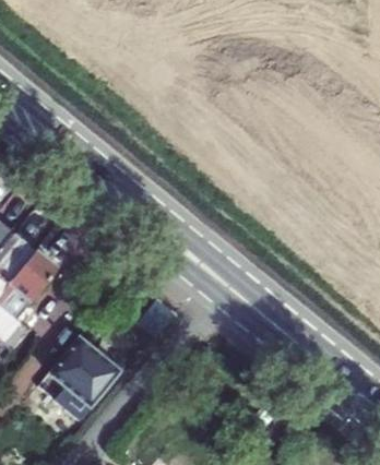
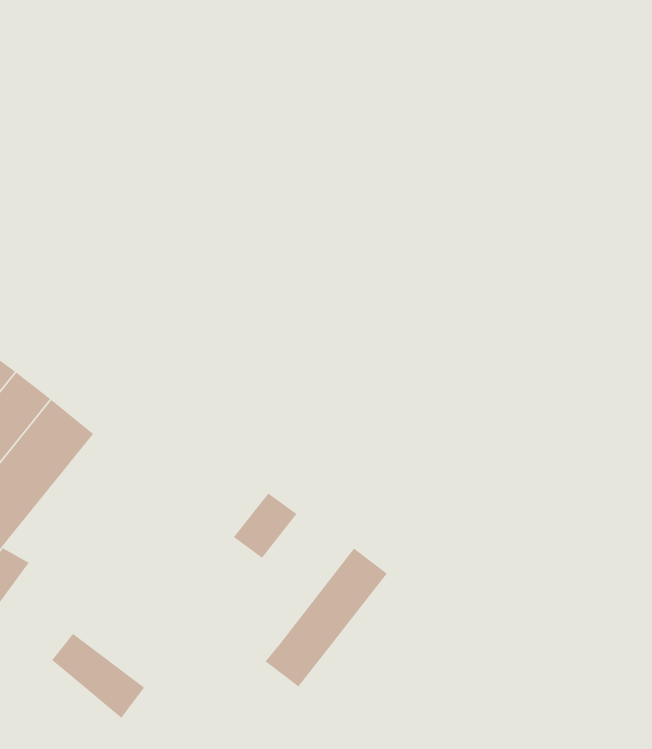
building: none -> [264,547,388,687]
building: [47,342,116,409] -> none

